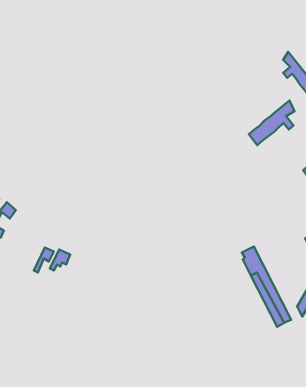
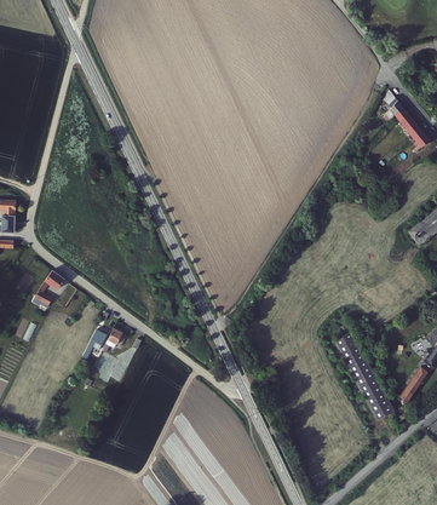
building: [249,100,295,145] -> none

